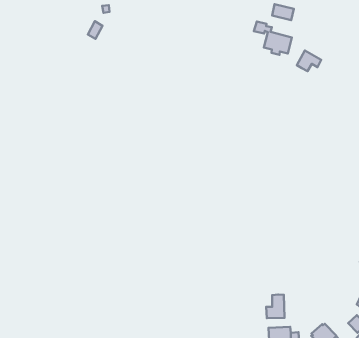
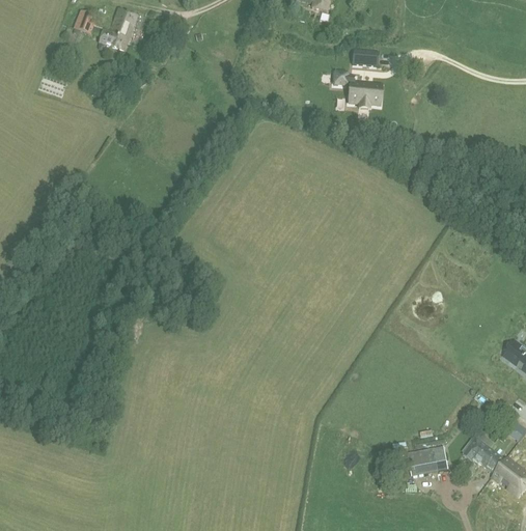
building: [297,51,321,71] -> none
building: [266,295,285,318] -> none

